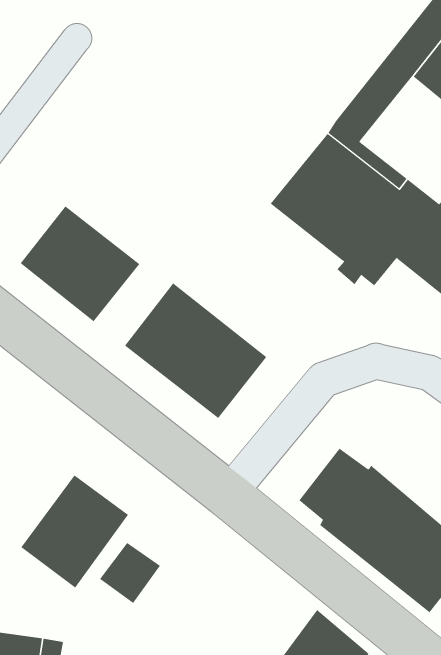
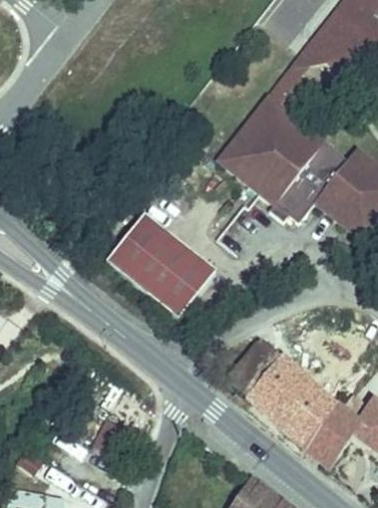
building: [20,206,140,322] -> none
building: [20,475,129,588] -> none

